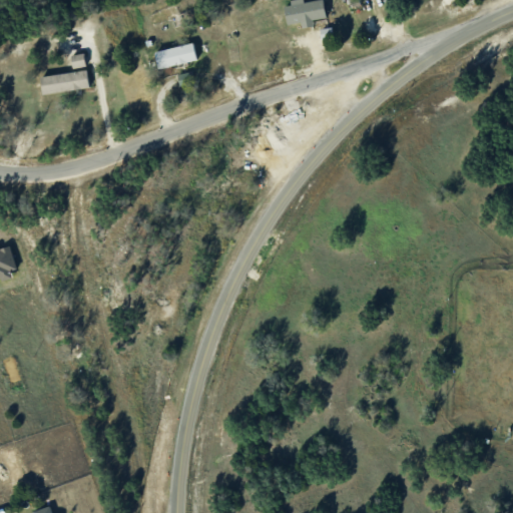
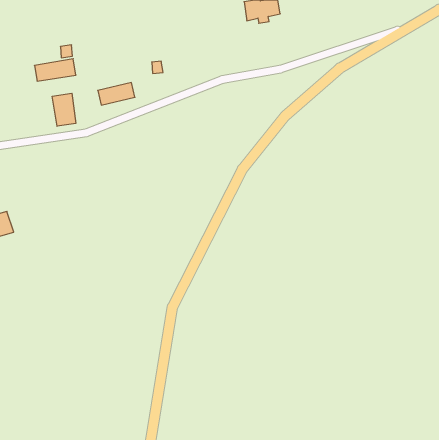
building: [153,43,196,69] -> [98,83,135,105]
building: none -> [52,93,76,126]

